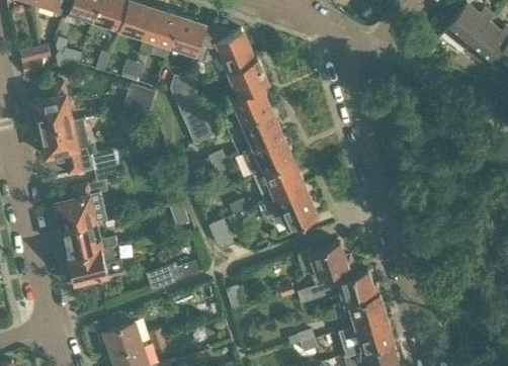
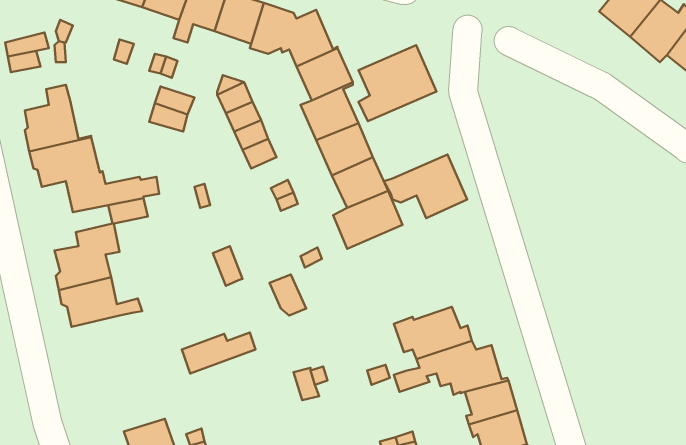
building: none -> [358,45,437,121]
building: [258,184,318,230] -> [384,154,467,218]
building: [66,247,123,283] -> none

